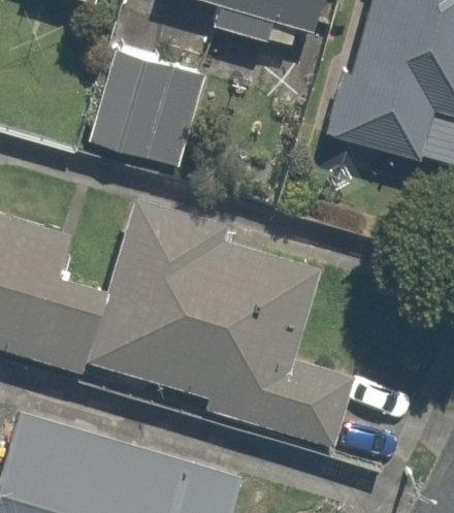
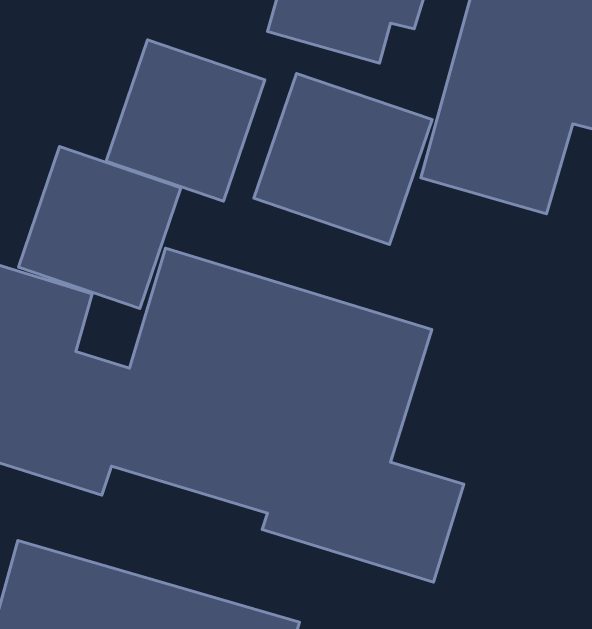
building: none -> [254,73,432,244]
building: none -> [18,146,181,308]

